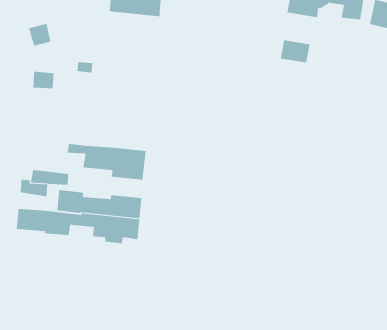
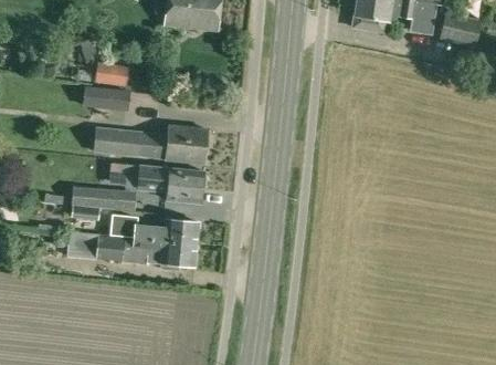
building: [280,40,310,63] -> none
building: none -> [95,63,129,87]
building: none -> [94,126,209,164]

